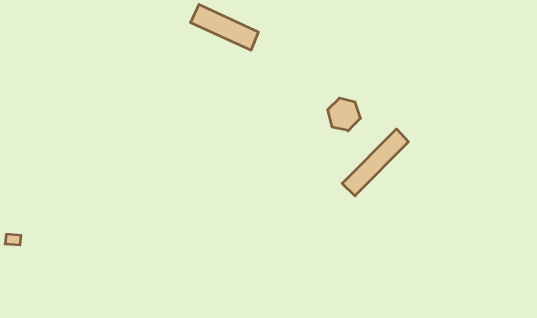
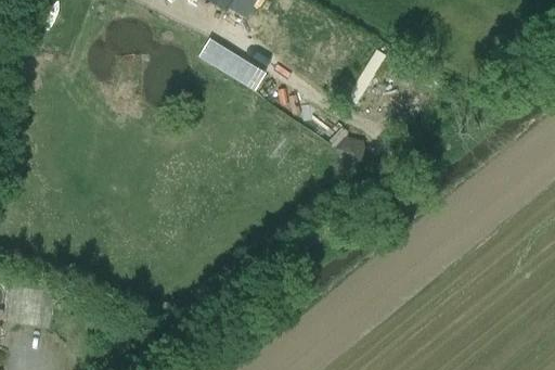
building: [342,129,408,196] -> none

